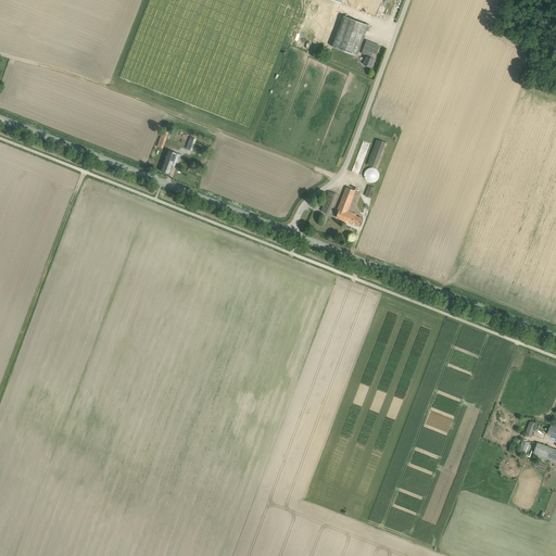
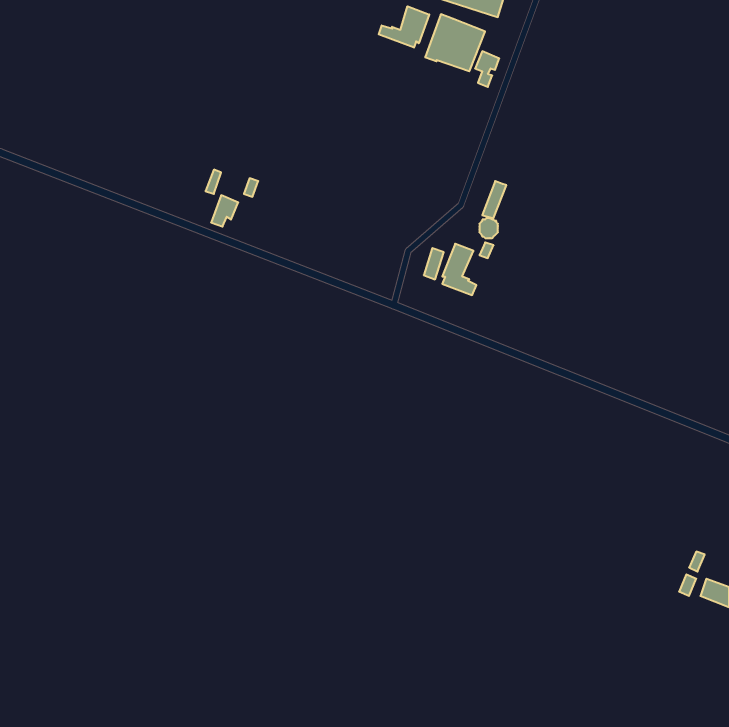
building: none -> [379,6,429,48]

